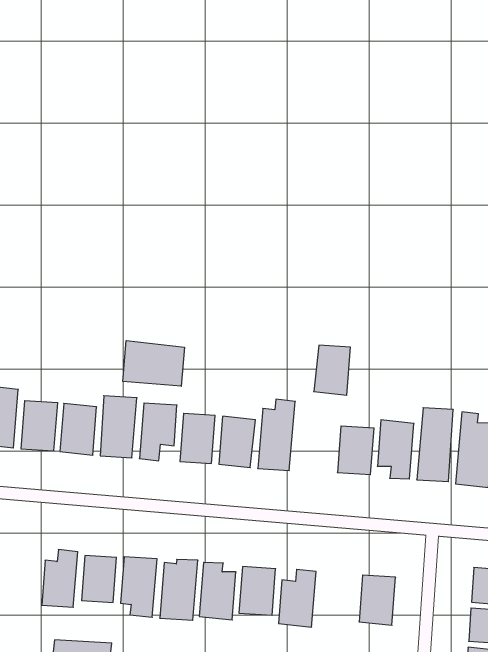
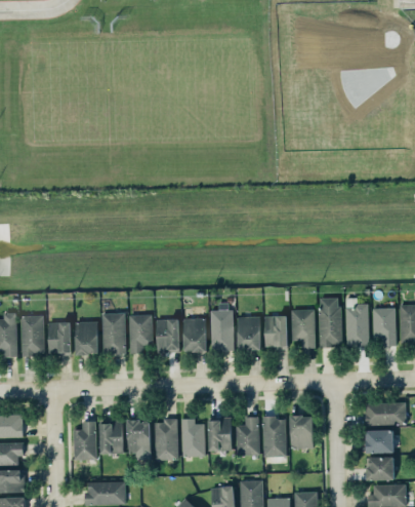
building: [123,341,184,386] -> none
building: [314,345,350,395] -> [238,316,260,349]
building: none -> [262,417,286,457]

